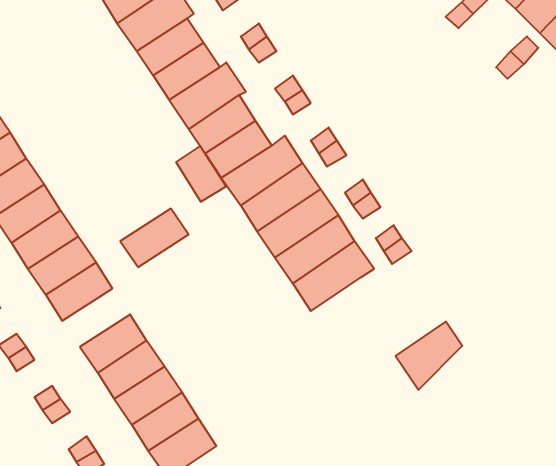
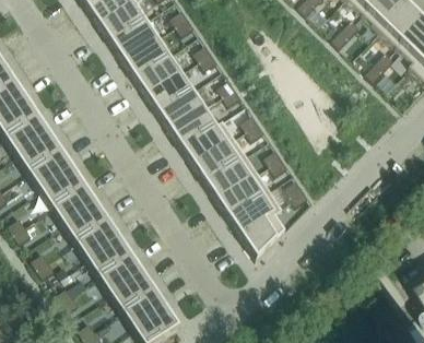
building: [176,146,226,202] -> none
building: [120,209,189,267] -> [74,216,120,256]
building: [396,322,462,390] -> [242,209,286,255]

